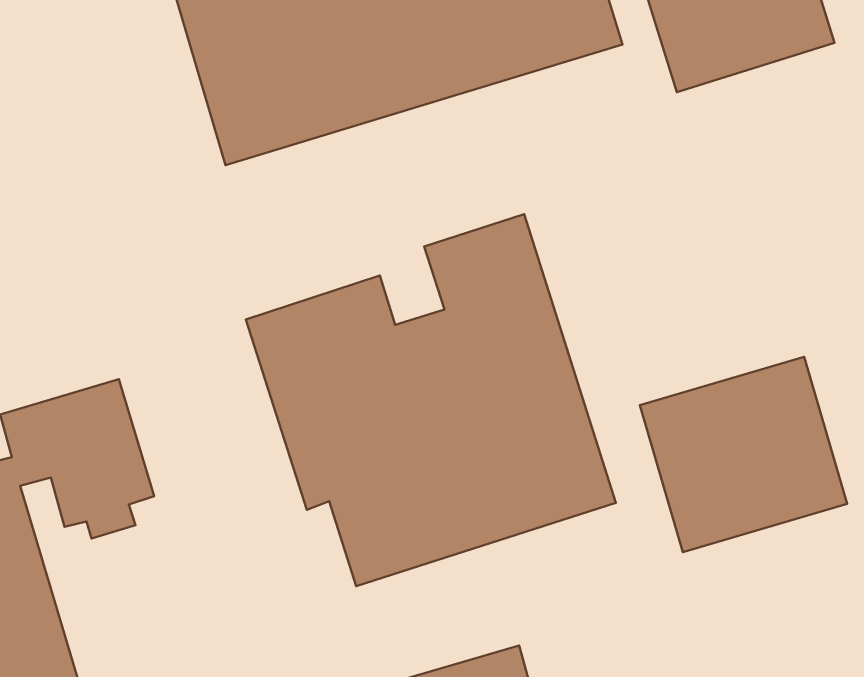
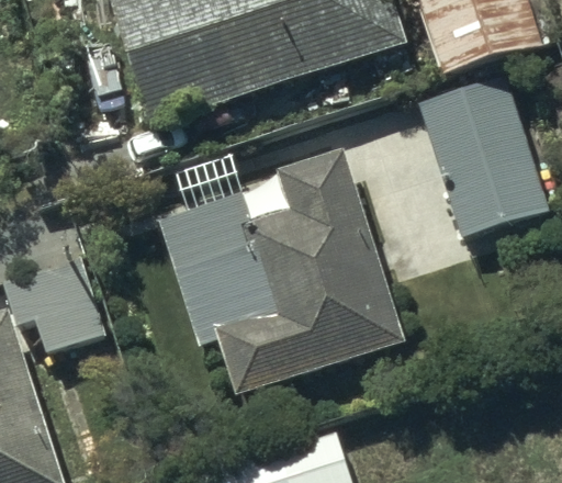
building: none -> [419,70,554,236]
building: [640,357,847,552] -> none

